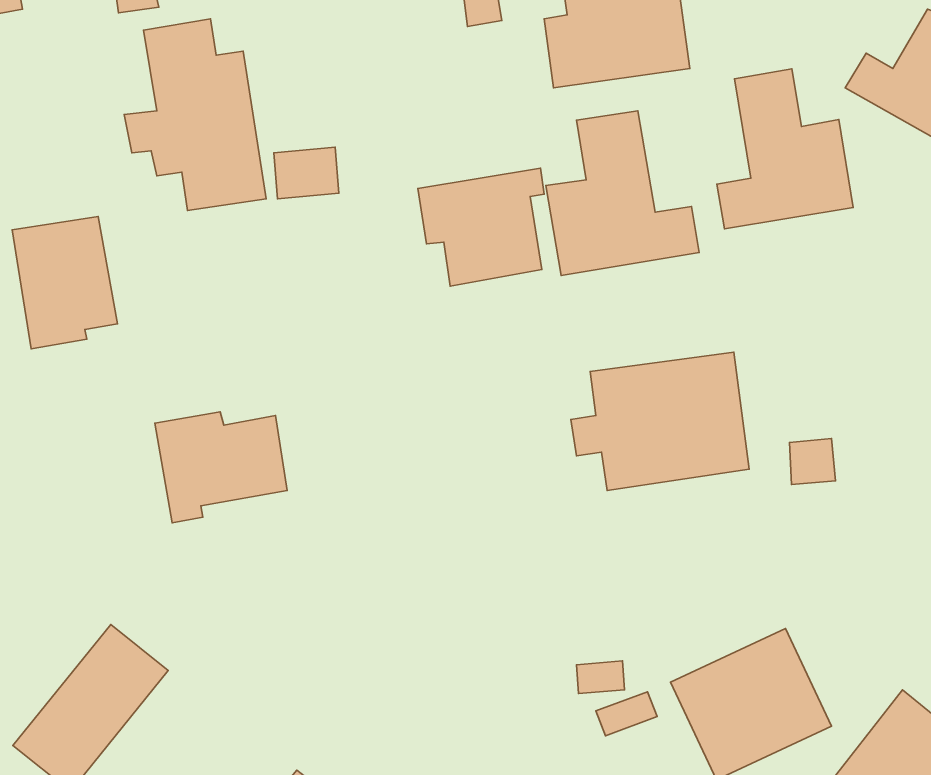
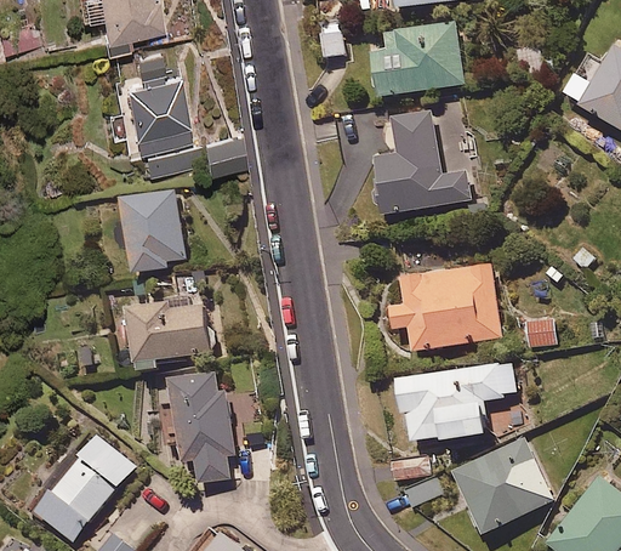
building: [717,69,853,229] -> none
building: [418,168,544,286] -> none
building: [12,216,117,349] -> [119,191,186,274]
building: none -> [395,362,517,445]
building: none -> [169,370,237,483]

